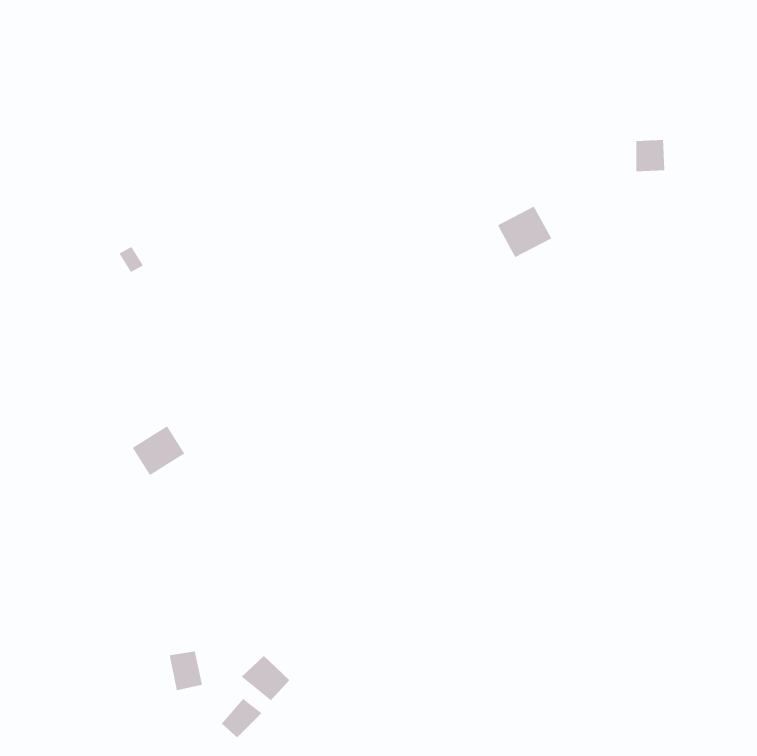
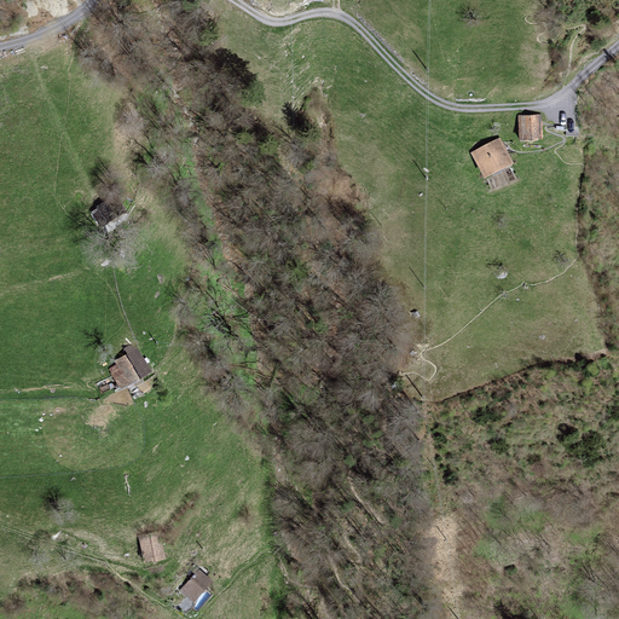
building: [497,206,552,258] -> [470,137,515,179]
building: [241,655,290,701] -> none

